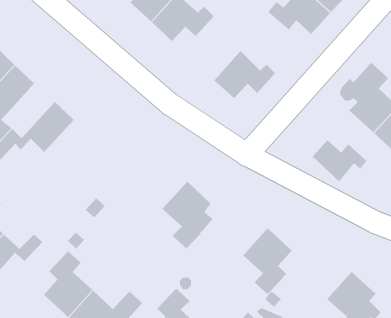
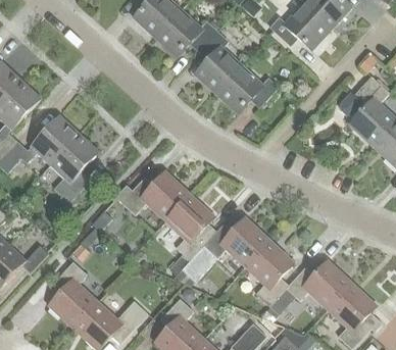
building: none -> [195,32,243,95]
building: none -> [50,134,99,203]
building: [312,140,367,182] -> none
building: none -> [114,171,191,221]
building: none -> [180,217,269,284]
building: none -> [286,260,352,310]

